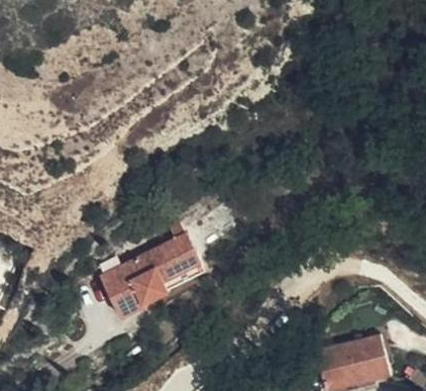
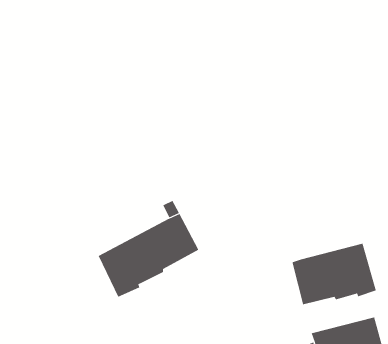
building: none -> [292,243,376,305]

